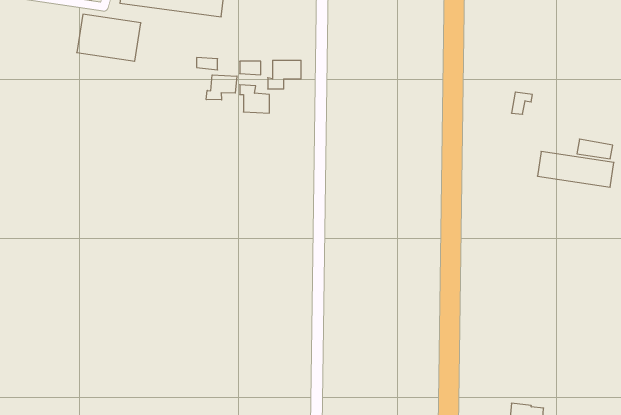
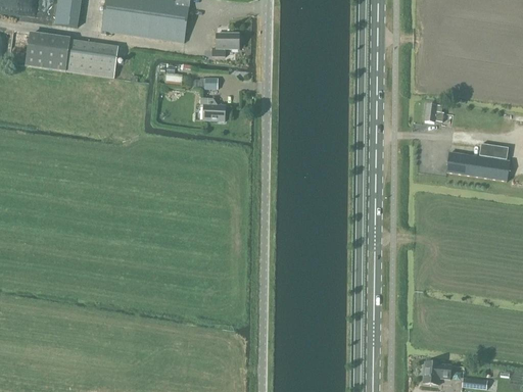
building: none -> [25,33,70,70]
building: [268,60,301,89] -> [211,33,239,56]
building: [206,75,237,100] -> none

